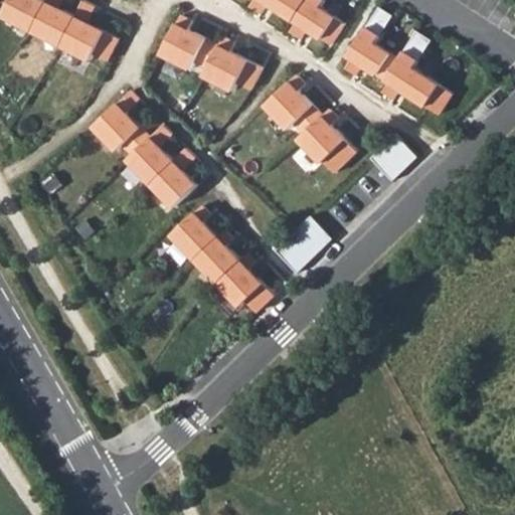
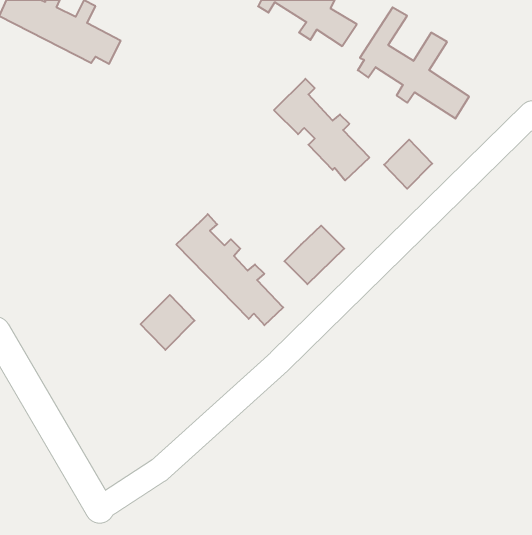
building: [159,16,260,92] -> none
building: [92,92,195,208] -> none
building: none -> [141,295,195,350]

